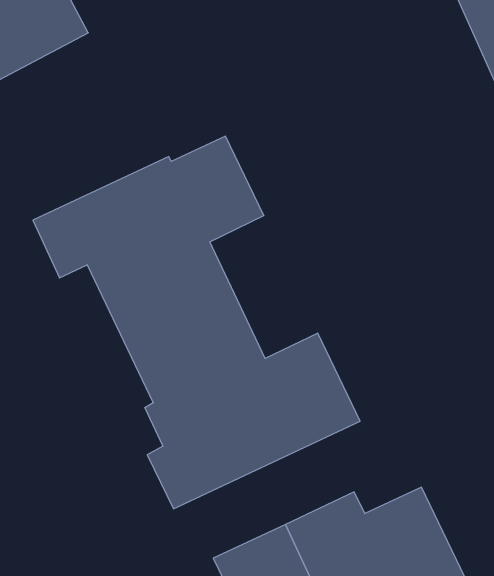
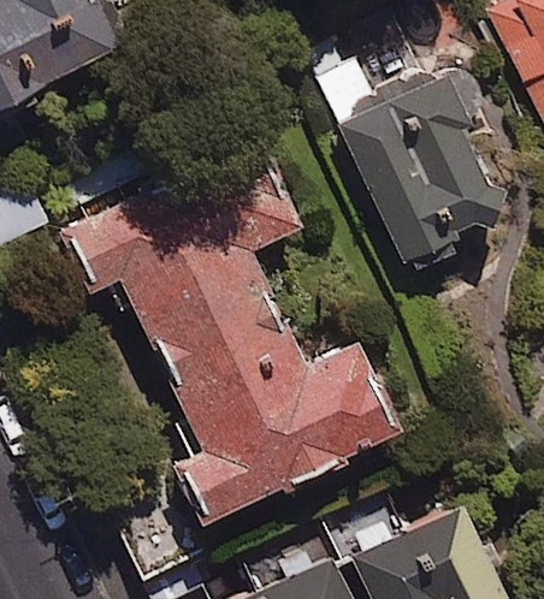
building: none -> [309,41,504,269]

